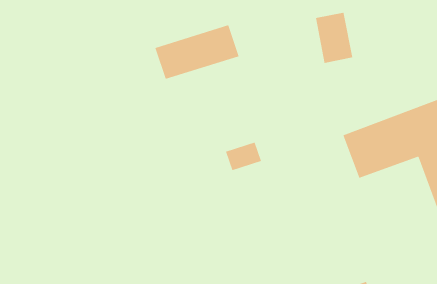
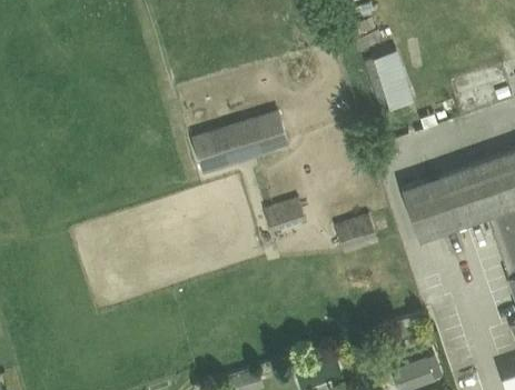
building: [154,24,240,80] -> [191,111,289,174]
building: none -> [335,214,377,249]

